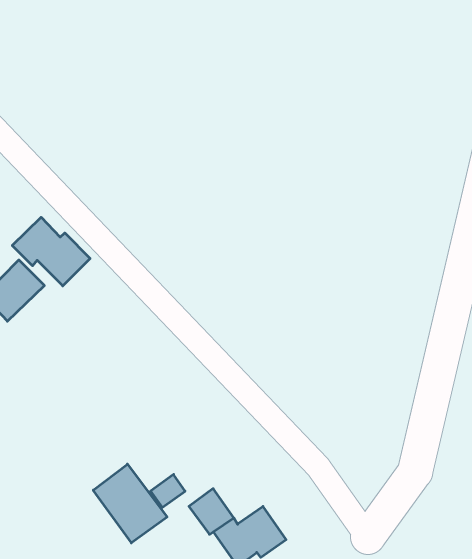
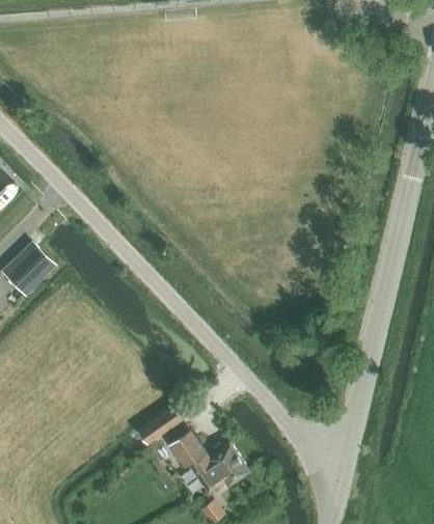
building: [12,217,90,286] -> none
building: [93,464,167,543] -> none

